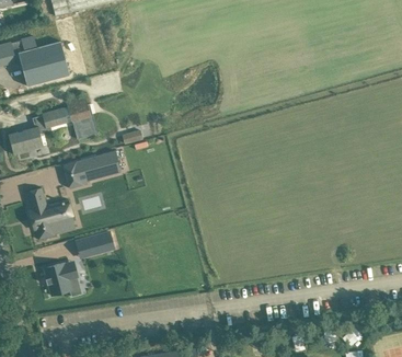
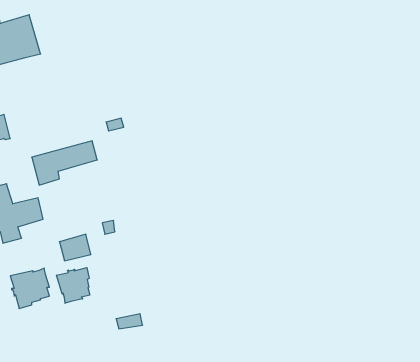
building: [41,95,96,139] -> none
building: none -> [57,268,90,303]

